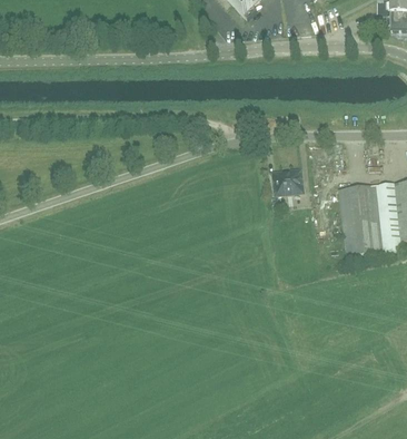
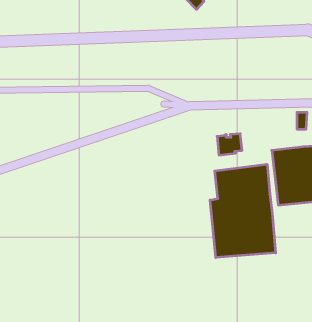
building: none -> [210,164,276,258]

